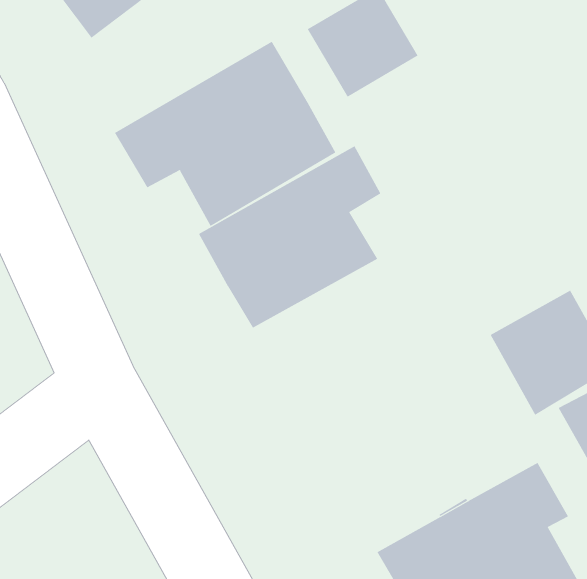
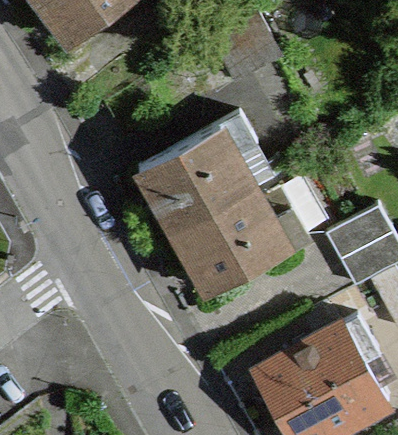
building: [114,41,336,227] -> none
building: none -> [174,186,309,292]

